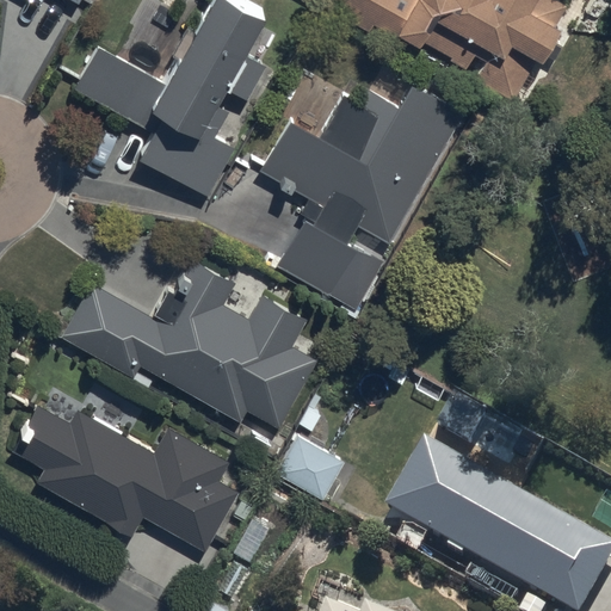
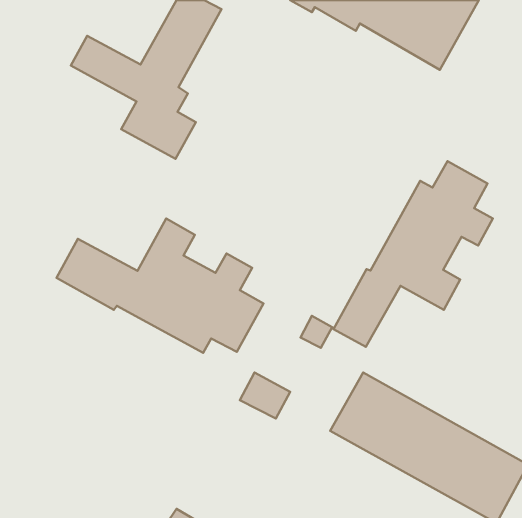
building: [280,80,467,298] -> none
building: none -> [334,161,493,347]
building: [24,409,229,545] -> none

